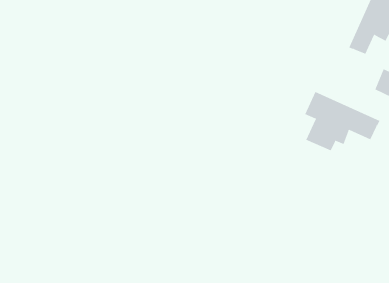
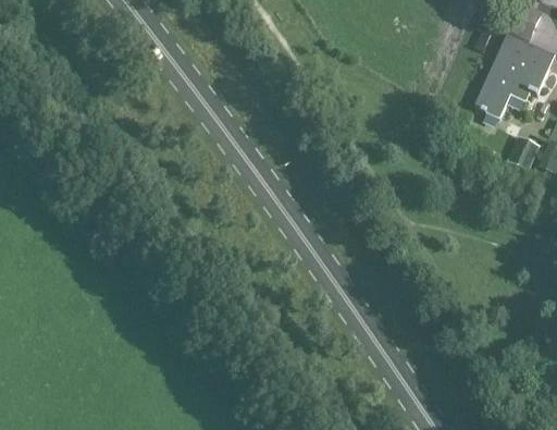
building: [305,91,380,151] -> none

